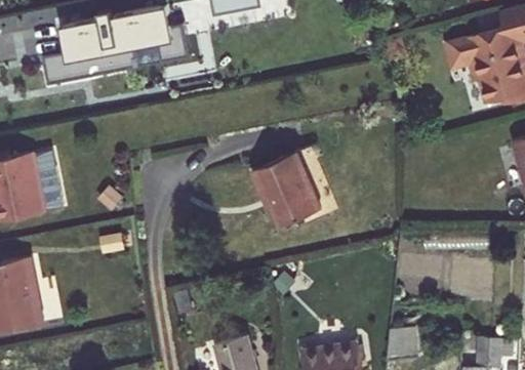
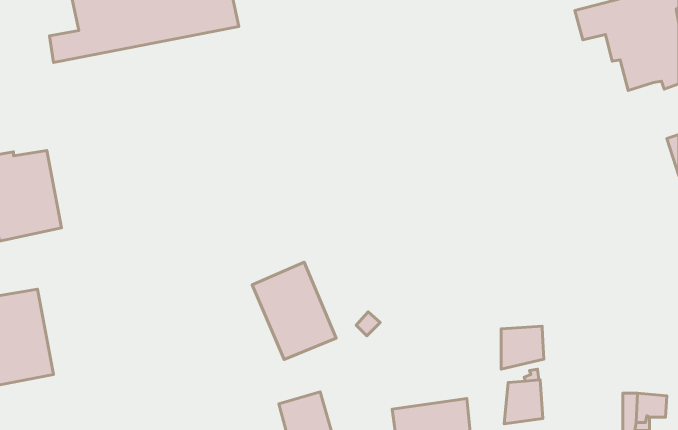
building: [256,153,321,228] -> [252,262,336,360]
building: none -> [501,326,544,369]

